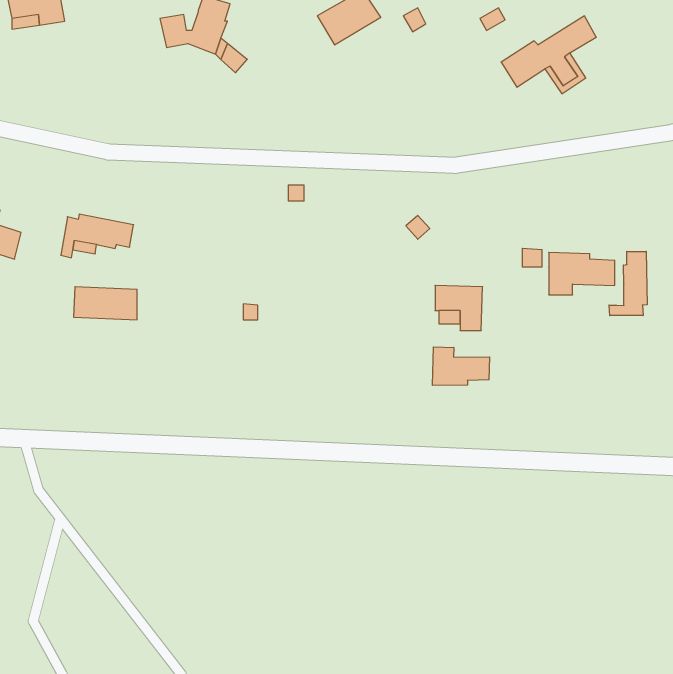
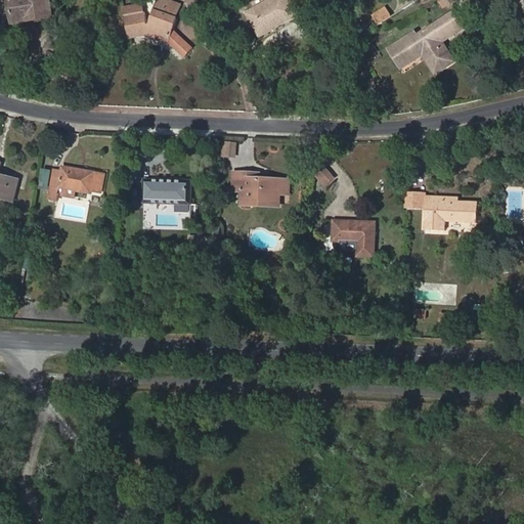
building: none -> [231,171,290,206]
building: [609,251,647,316] -> none
building: [74,287,137,320] -> [141,178,190,204]
building: [432,347,490,385] -> none

